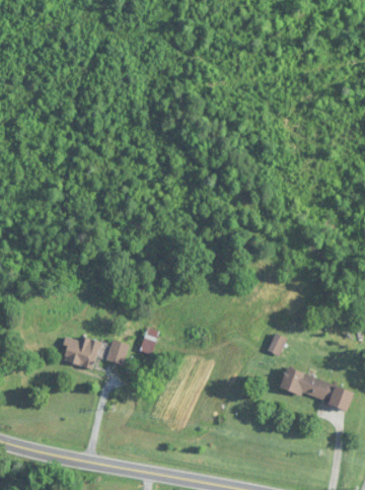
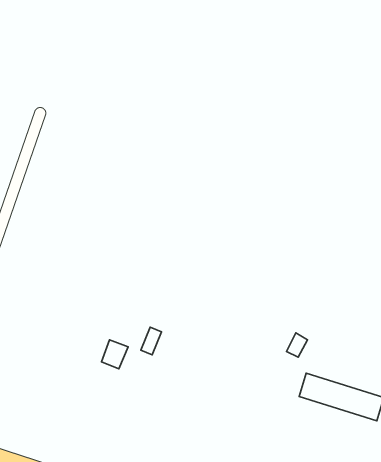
building: [60,334,101,369] -> none

